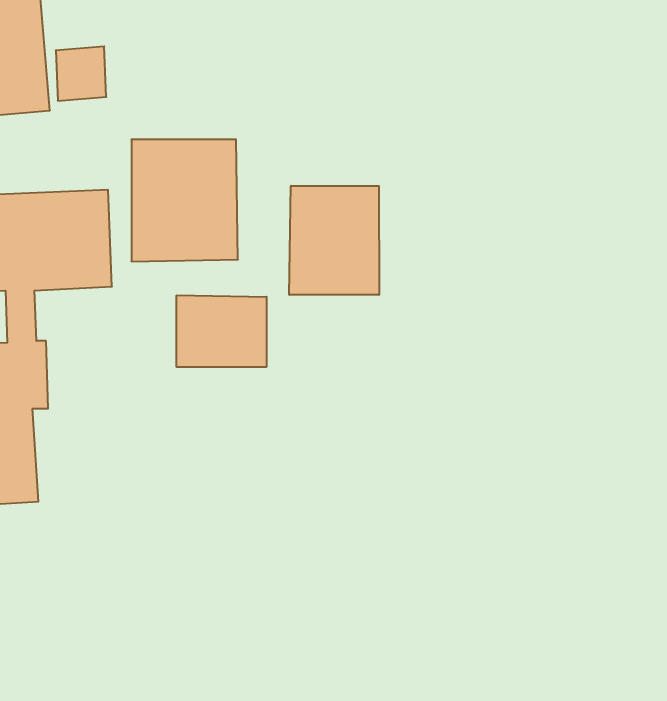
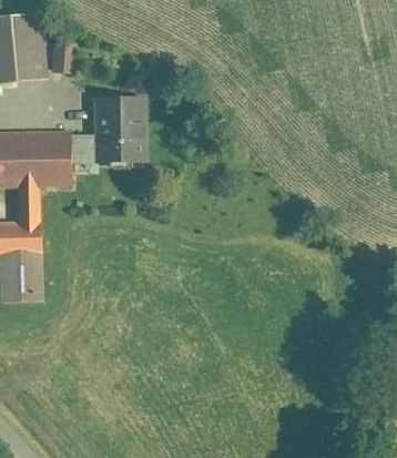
building: [289,186,379,295] -> none
building: [177,295,267,367] -> none

